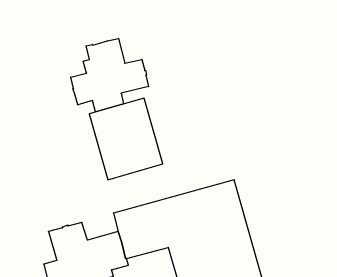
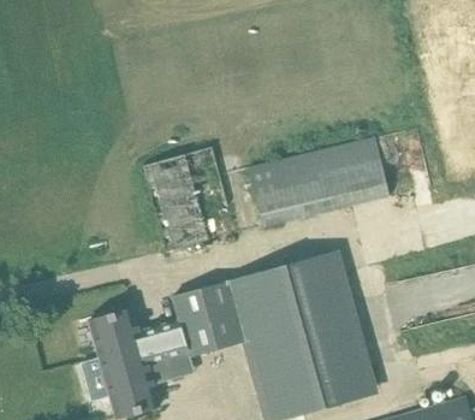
building: [71,38,149,112] -> none
building: none -> [247,137,390,223]

